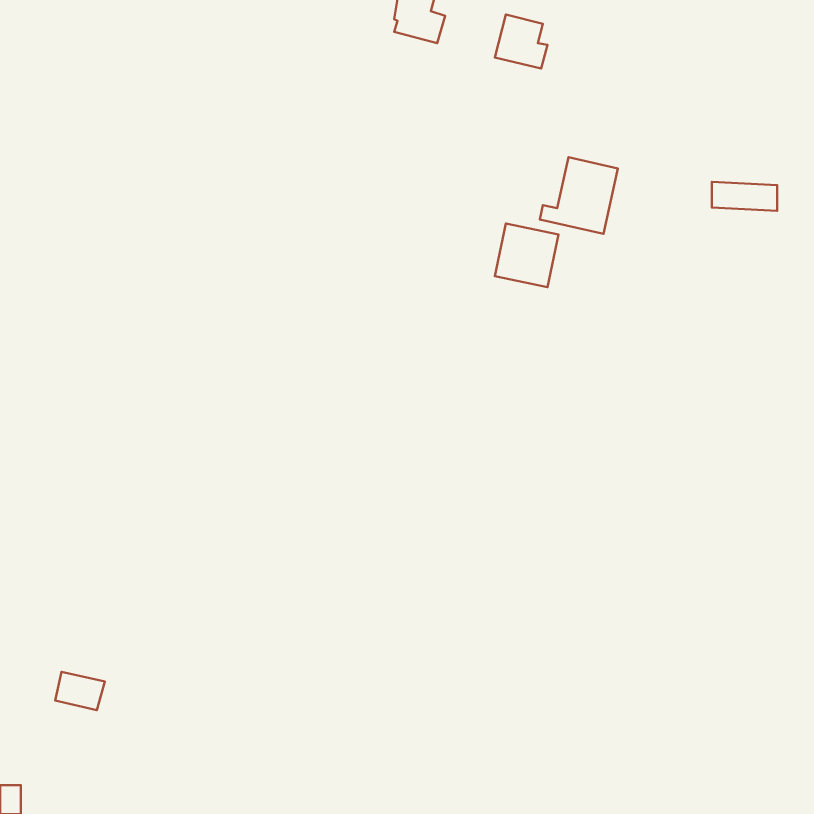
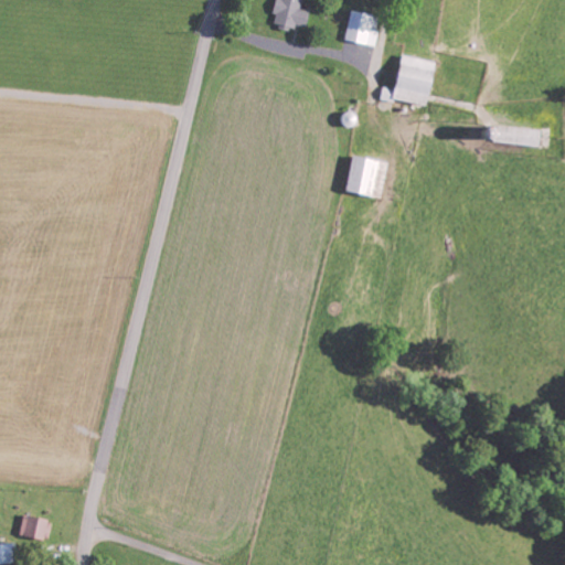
building: [540,157,618,234] -> [380,54,434,107]
building: [55,672,105,710] -> [18,515,52,542]

